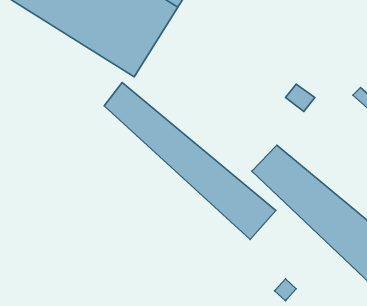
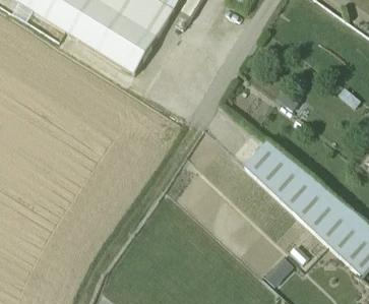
building: [104,83,276,240] -> none

